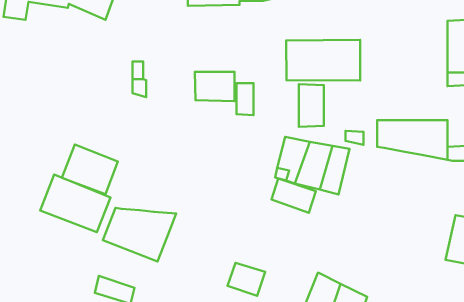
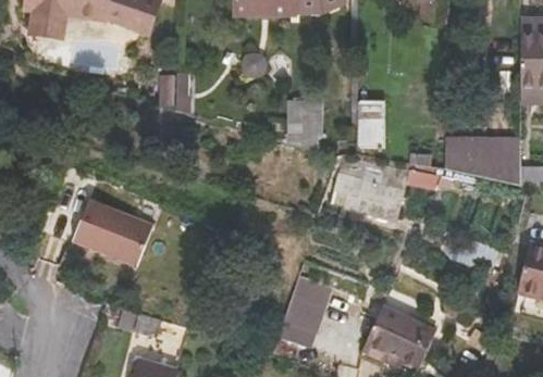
building: [286,40,360,80] -> none
building: [195,72,234,101] -> none
building: [62,145,118,194] -> none
building: [272,178,316,213] -> none
building: [103,208,176,262] -> none

